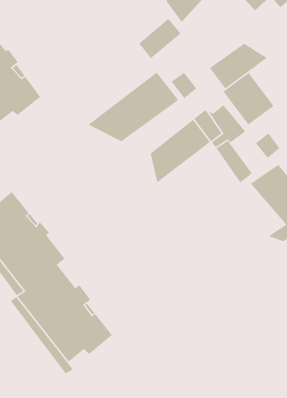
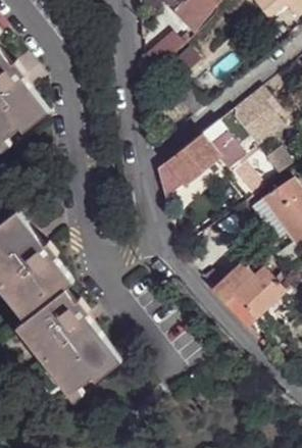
building: [209,43,268,89] -> none
building: [87,72,179,142] -> none
building: none -> [211,255,291,328]

